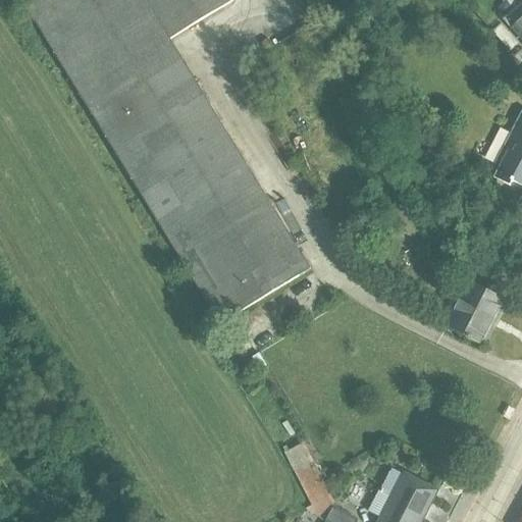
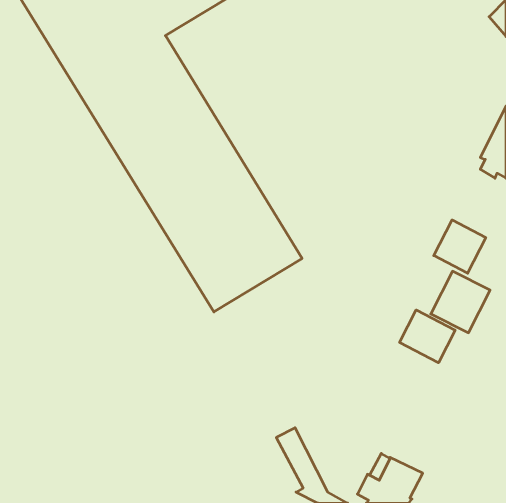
building: none -> [434,220,486,273]
building: none -> [400,310,455,363]

